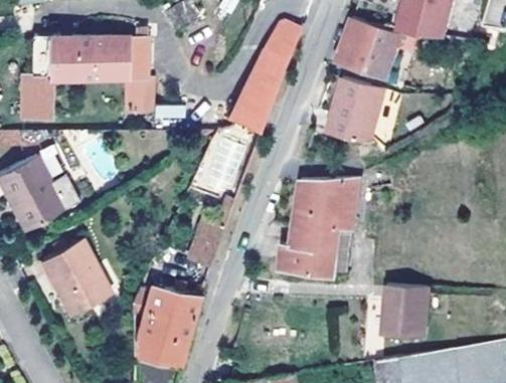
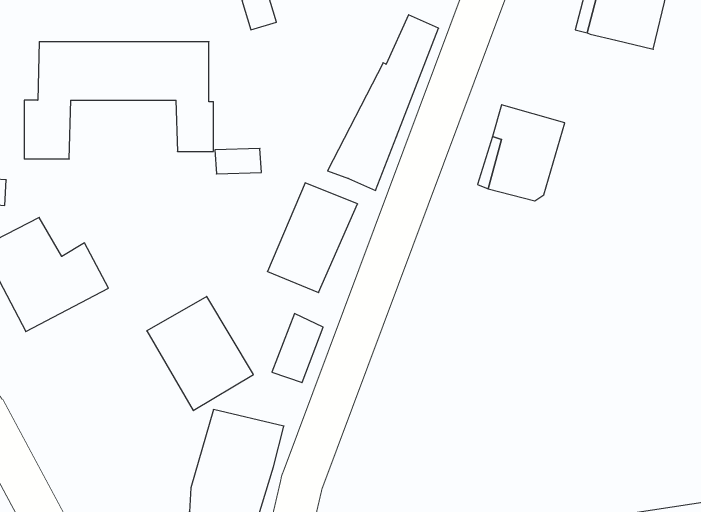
building: [337,18,419,83] -> none
building: [279,180,358,279] -> none
building: [41,236,113,313] -> [147,296,253,411]
building: [382,285,428,336] -> none

